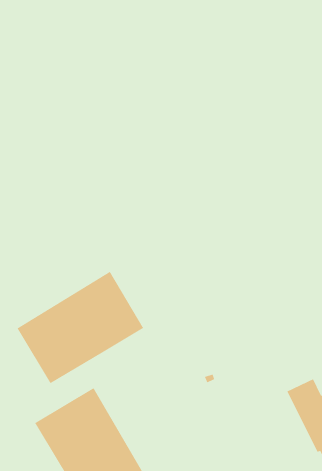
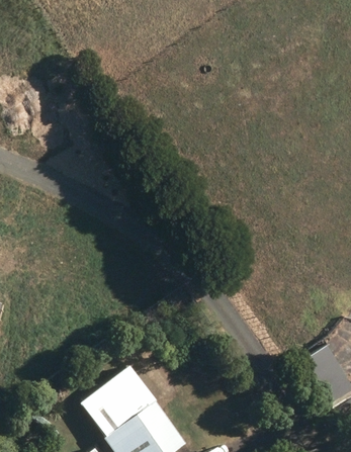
building: [17,271,144,384] -> none

